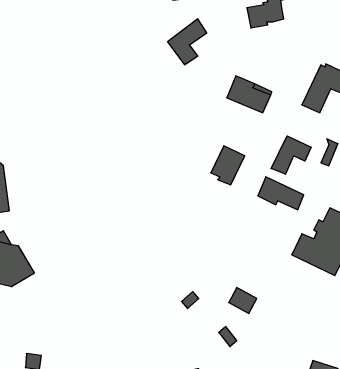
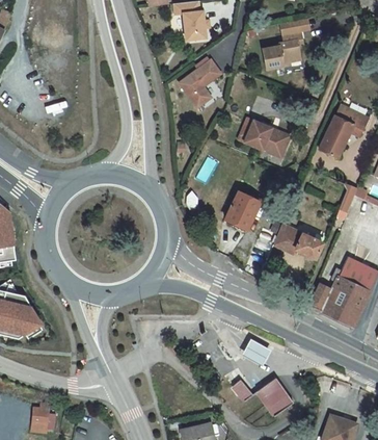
building: [271,136,311,174] -> none
building: none -> [258,378,294,416]

